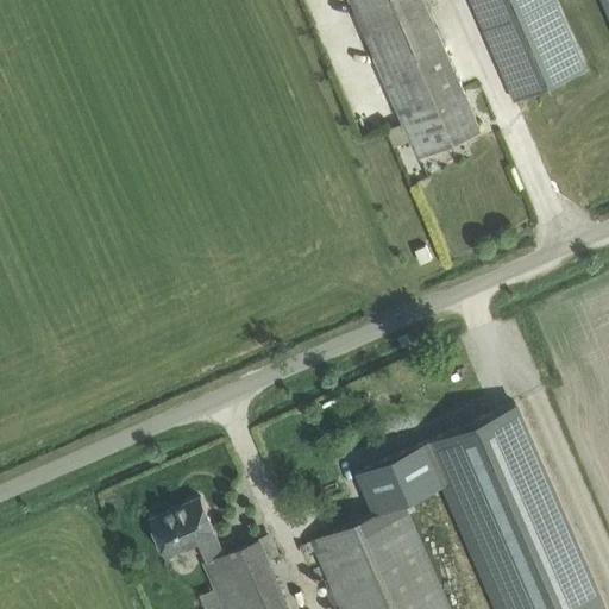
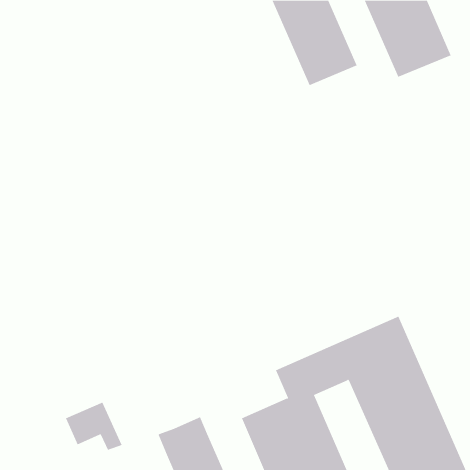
building: [398,87,478,155] -> none
building: [150,498,224,561] -> [65,402,122,451]

